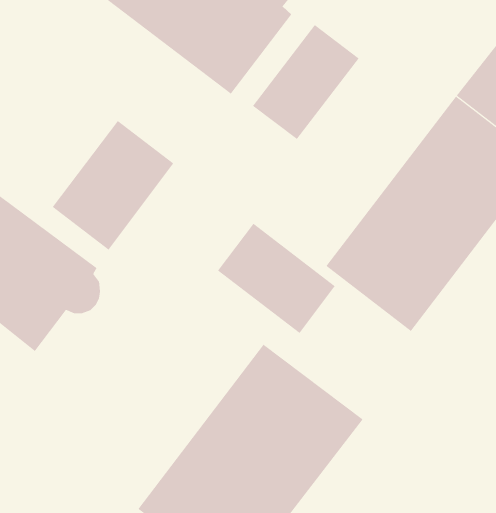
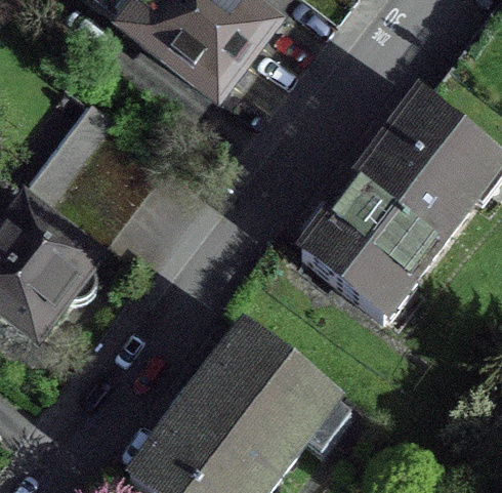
building: [252,24,359,140] -> none
building: [217,223,336,334] -> none

